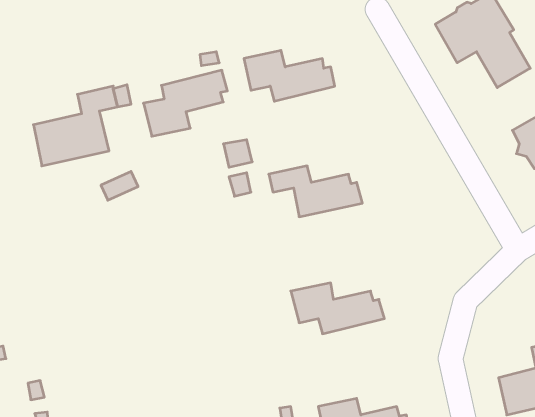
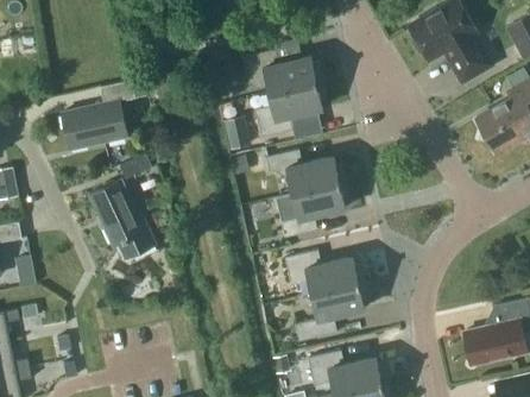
building: [143,70,227,136] -> [254,81,327,138]
building: none -> [89,181,154,258]
building: none -> [277,182,349,238]
building: none -> [295,282,368,342]

